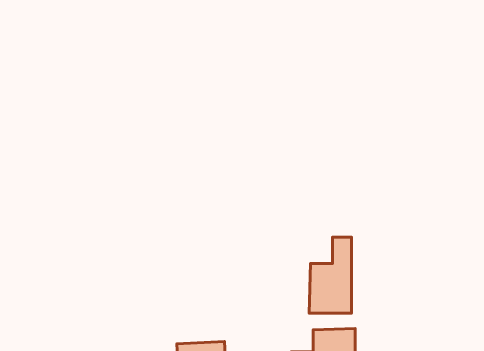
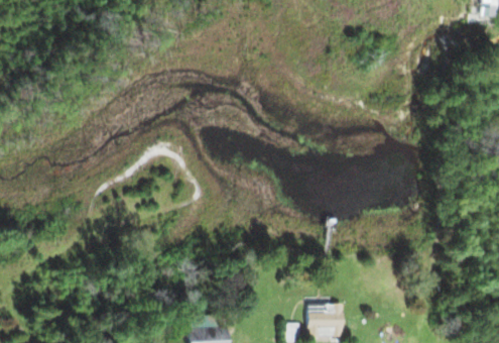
building: [309,237,351,313] -> none

